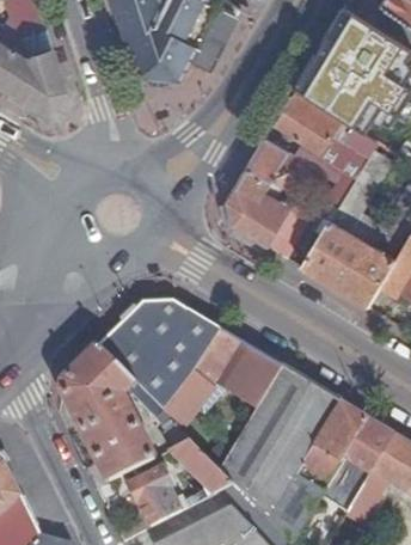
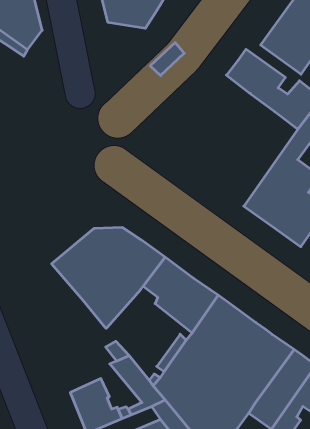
building: [226,139,327,256] -> none
building: [59,345,154,488] -> none
building: [162,366,213,427] -> none

